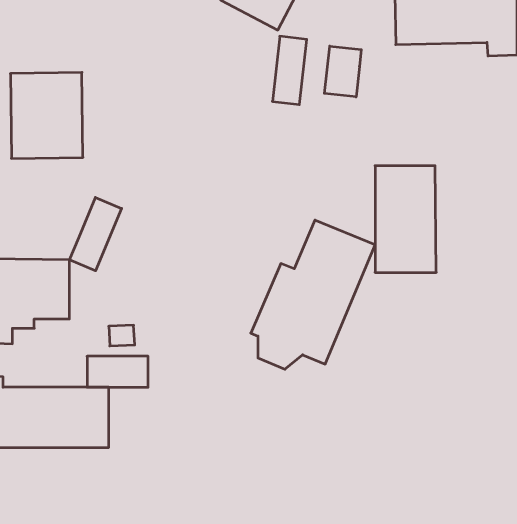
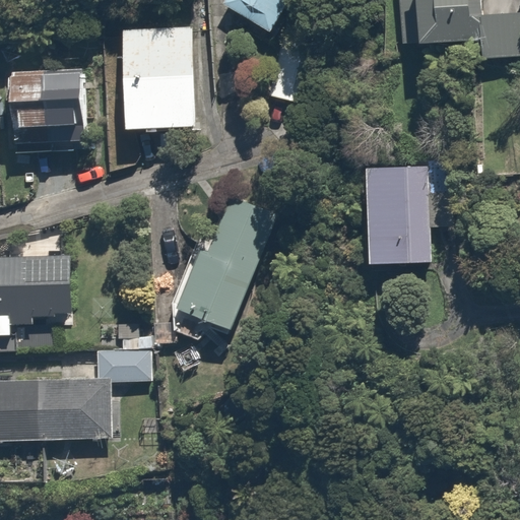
building: none -> [124,20,197,130]
building: [324,46,361,97] -> none
building: [69,197,122,271] -> none
building: [251,220,375,369] -> [160,196,282,342]

